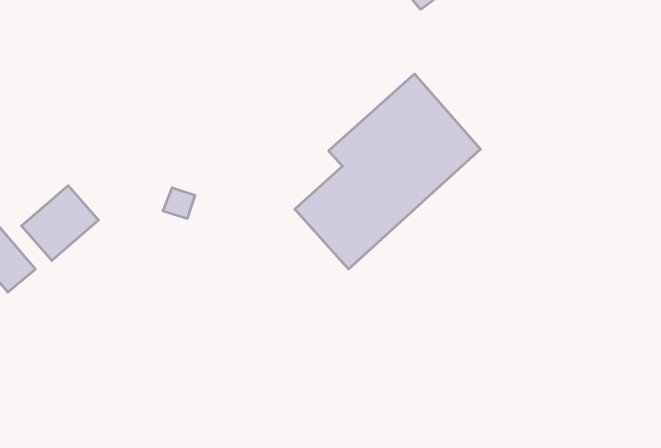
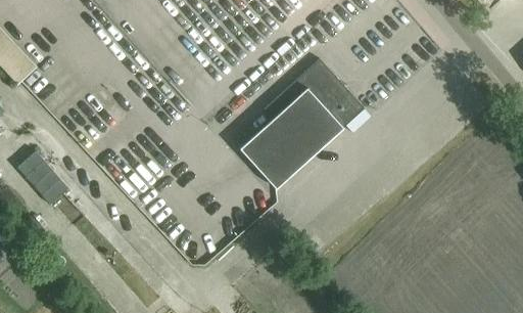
building: [21,186,99,261] -> none

